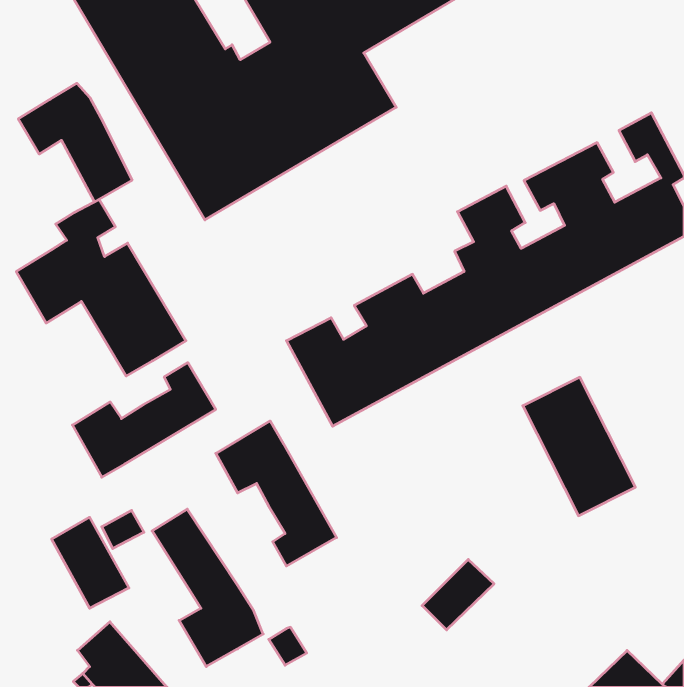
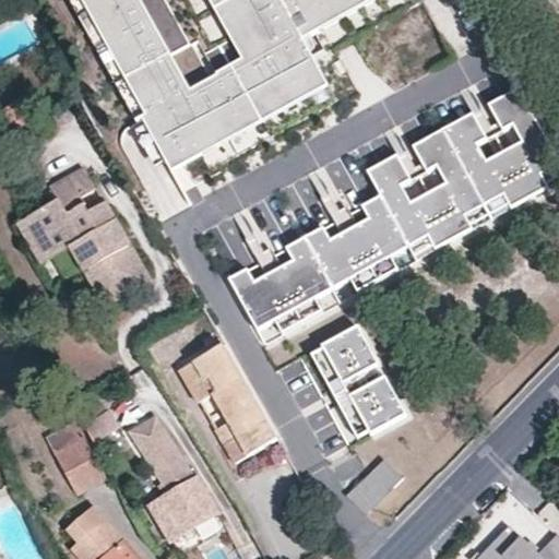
building: [18,83,132,202] -> none
building: [72,363,216,477] -> none
building: [523,377,635,516] -> [321,325,412,437]

